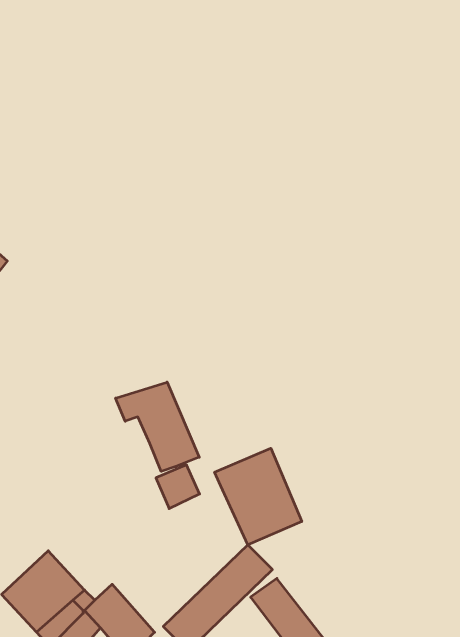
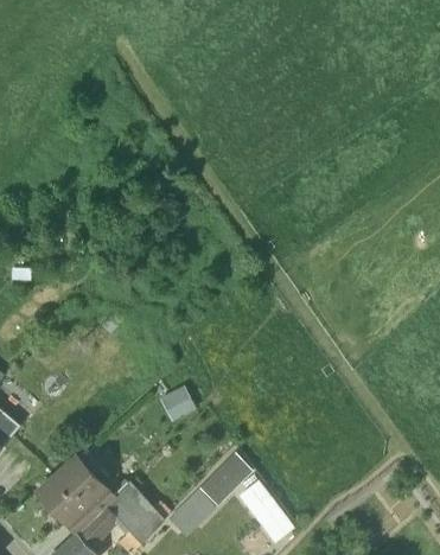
building: [116,382,199,471] -> none
building: [215,448,302,545] -> none

